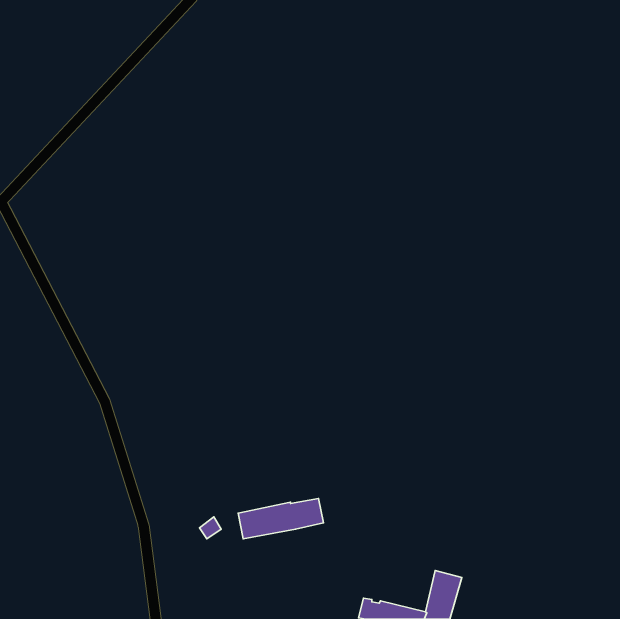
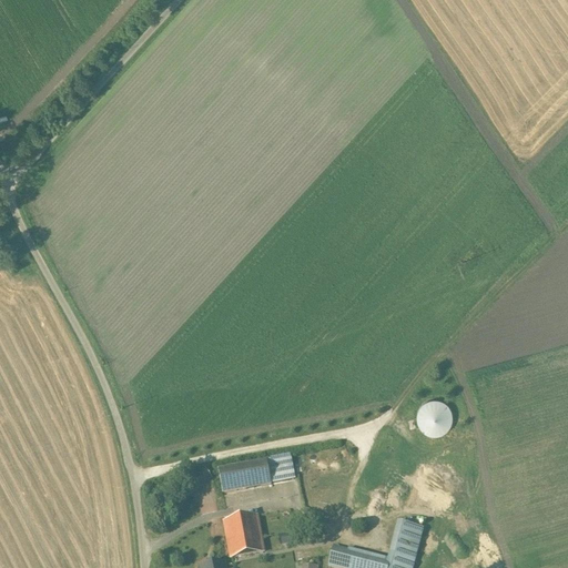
building: none -> [416,398,453,435]
building: none -> [223,515,264,557]

